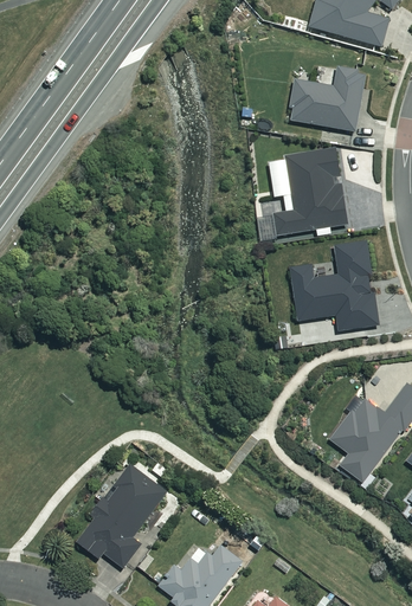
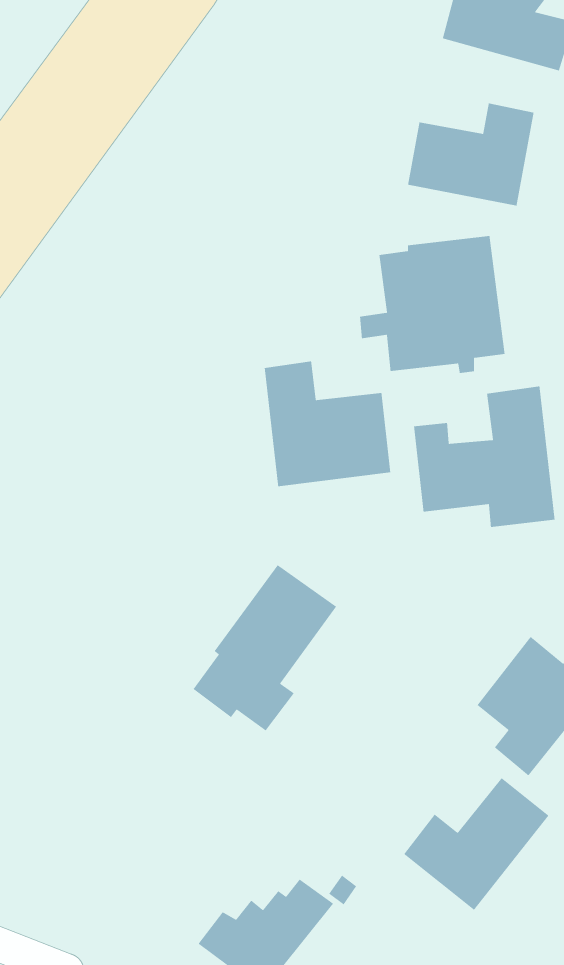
building: none -> [264,360,391,487]
building: [77,464,166,567] -> [193,564,337,732]
building: none -> [403,777,549,911]

